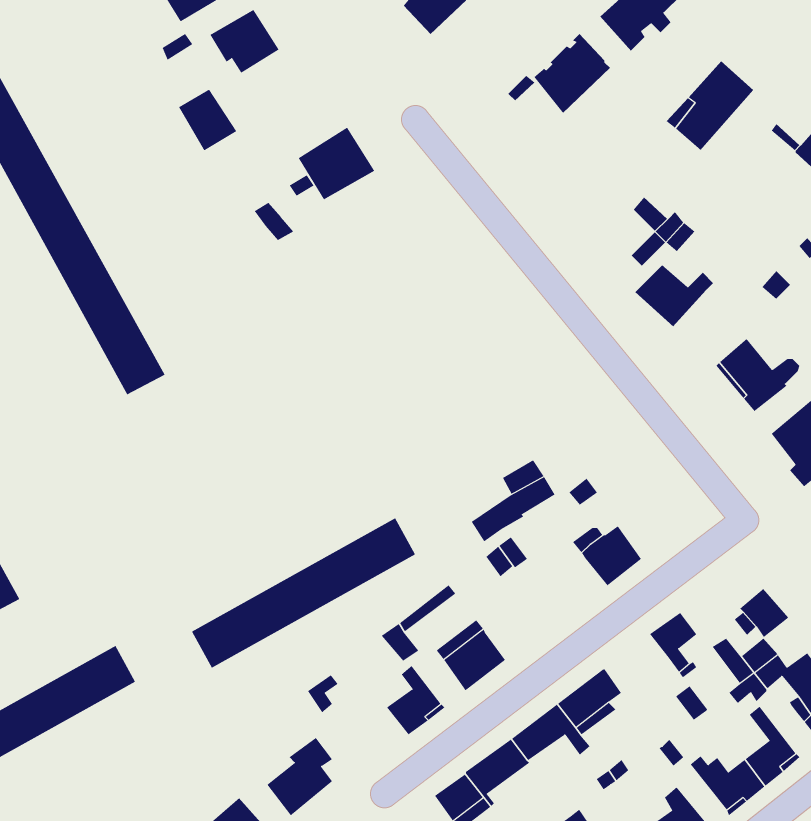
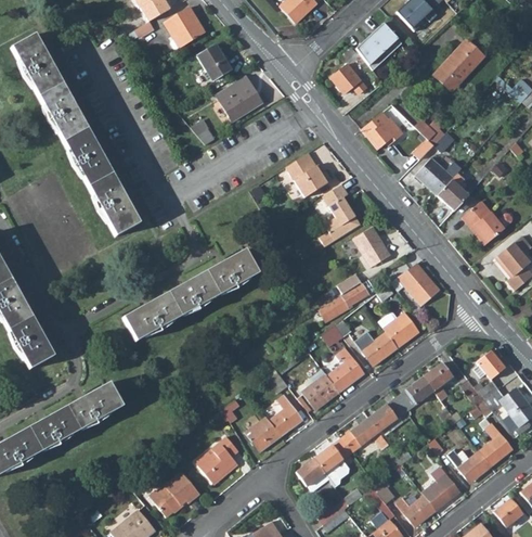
building: [178,89,237,151] -> [198,44,233,81]
building: none -> [330,64,366,94]
building: none -> [361,112,402,149]
building: none -> [285,153,332,197]
building: none -> [438,174,468,210]
building: none -> [320,183,361,247]
building: none -> [354,225,392,266]
building: none -> [398,263,440,306]
building: [191,518,416,668] -> [125,251,257,340]
building: none -> [355,332,399,367]
building: none -> [327,348,364,392]
building: none -> [397,376,434,411]
building: none -> [245,417,282,452]

